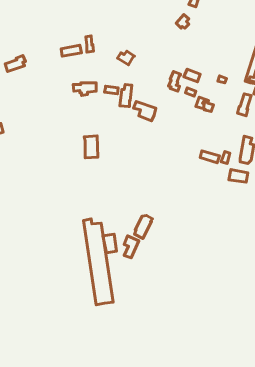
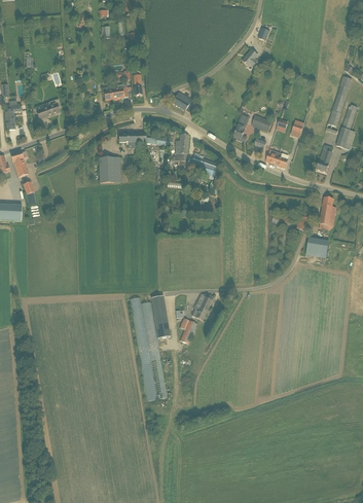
building: [84,136,98,158] -> [99,155,115,182]

